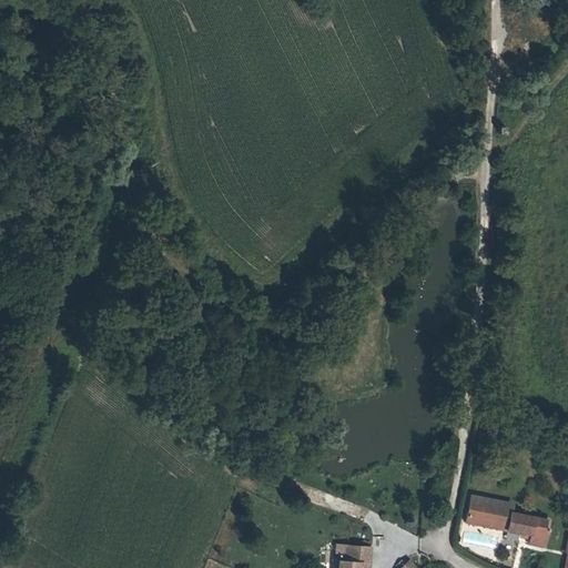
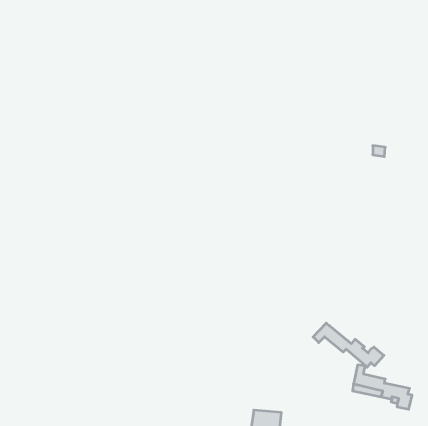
building: none -> [313,323,384,367]

